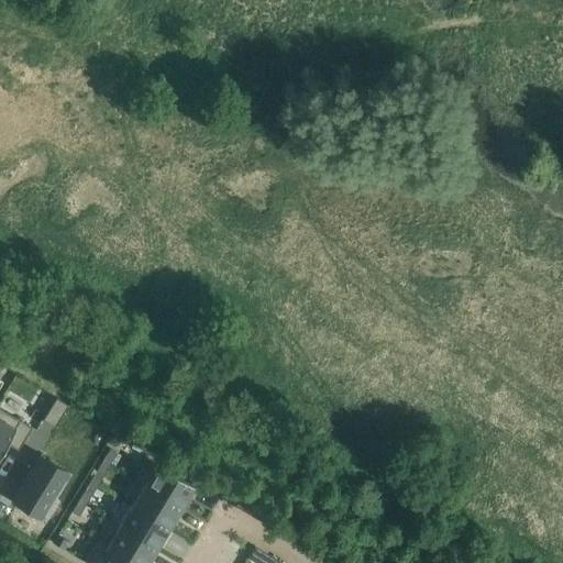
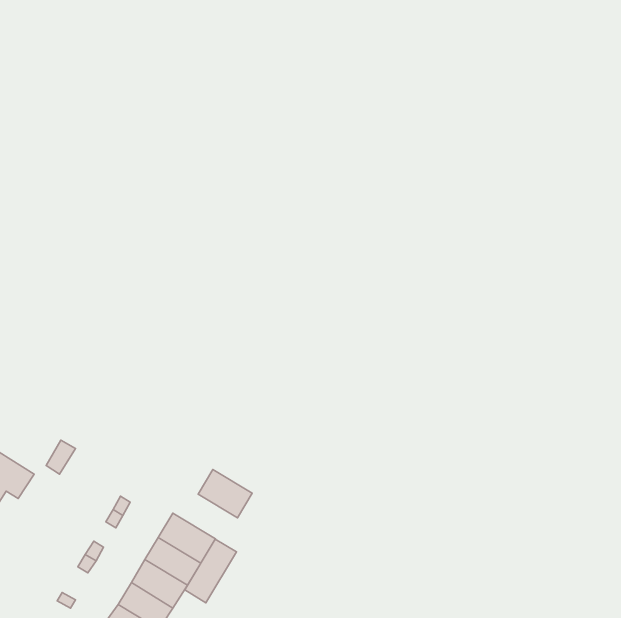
building: none -> [198,469,252,518]
building: [13,461,66,520] -> none
building: none -> [185,539,236,603]

